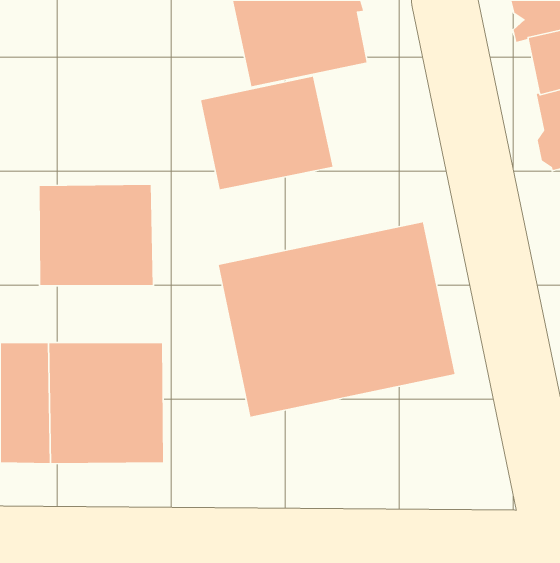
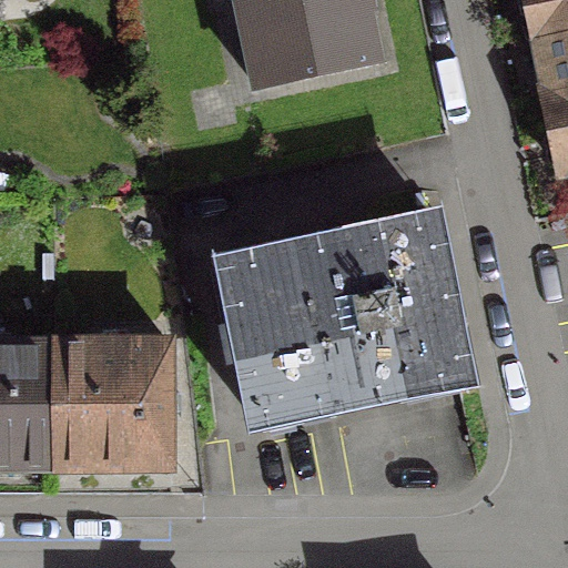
building: [200,76,334,190] -> none
building: [39,184,154,286] -> none

